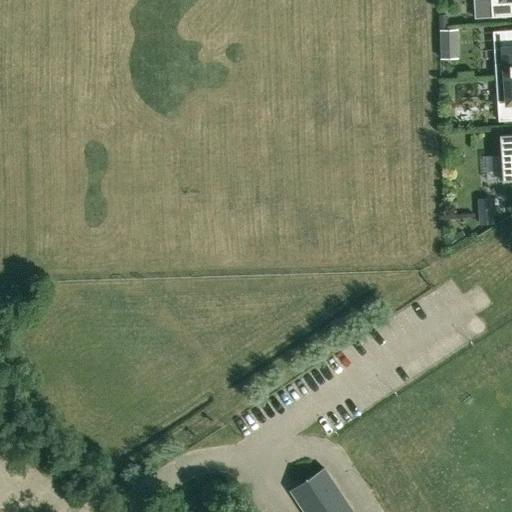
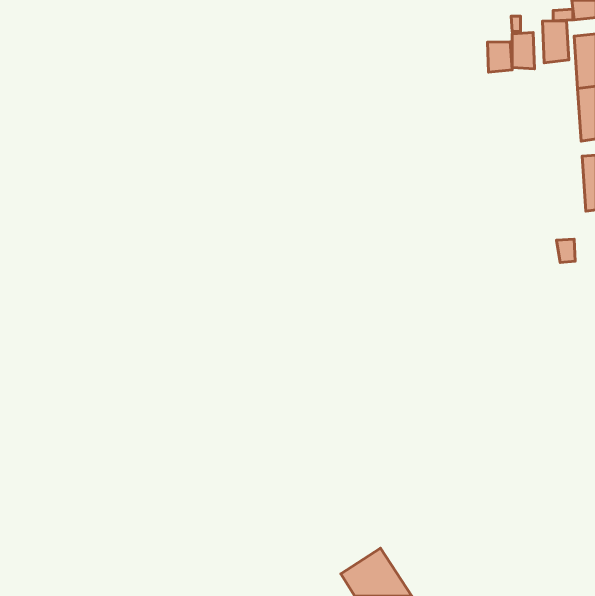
building: none -> [543,21,569,63]
building: none -> [487,42,512,72]

